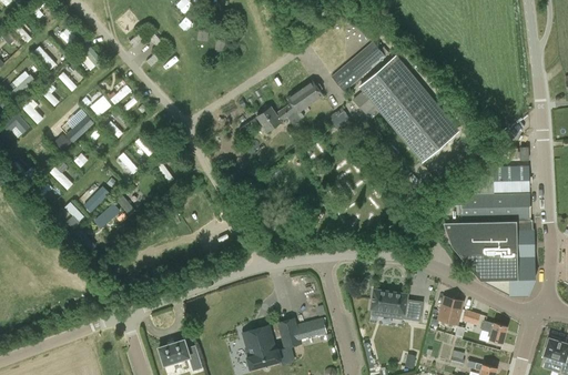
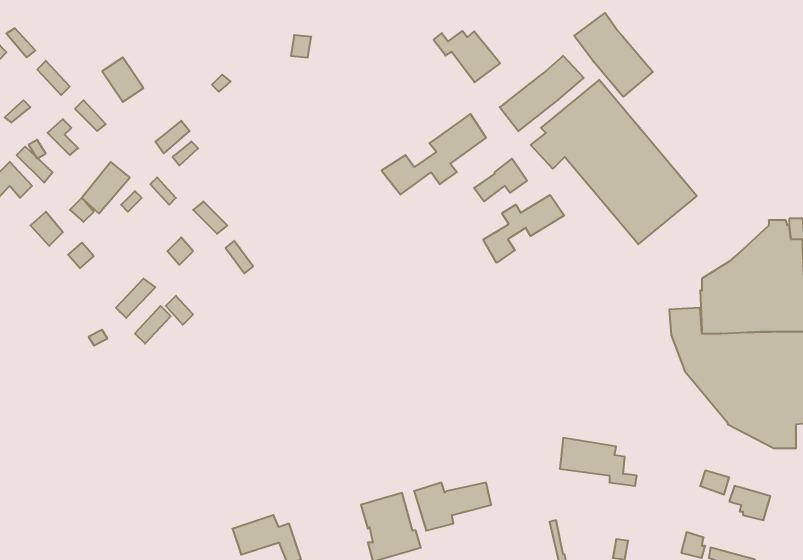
building: none -> [574,13,653,97]
building: none -> [434,31,500,82]
building: none -> [483,195,564,263]
building: [437,295,463,324] -> none

